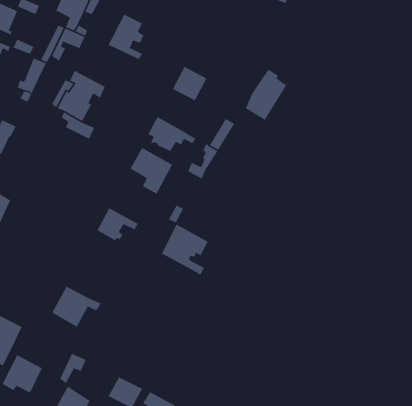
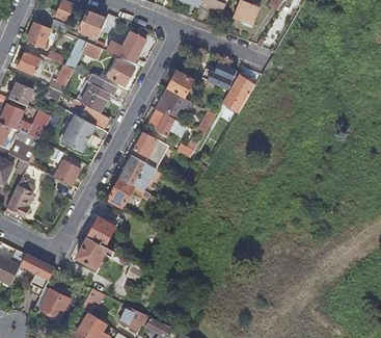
building: none -> [106,55,136,85]
building: none -> [201,62,237,89]
building: none -> [157,88,194,119]
building: none -> [62,114,97,152]
building: none -> [49,159,80,185]
building: [161,224,209,276] -> [119,155,156,194]
building: none -> [87,207,118,246]

